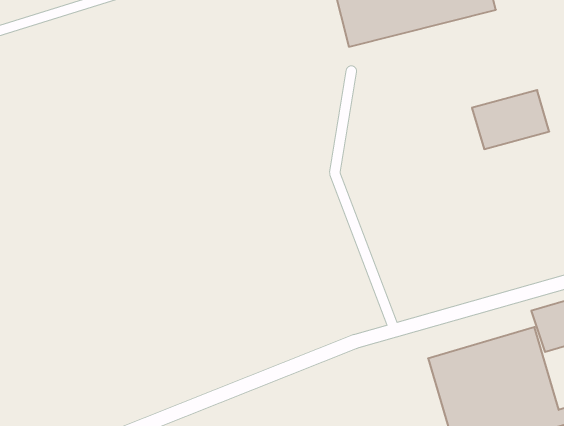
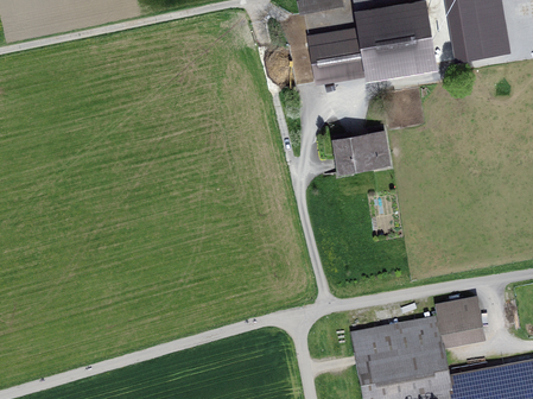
building: [472,90,549,149] -> [332,129,391,171]

